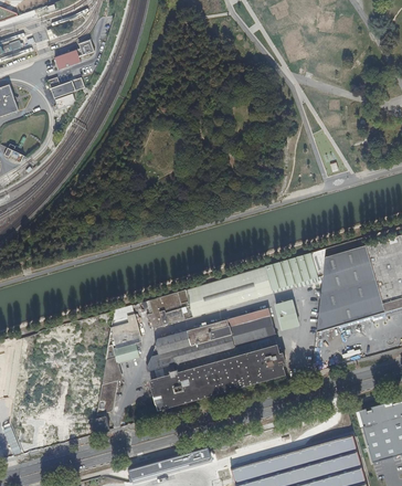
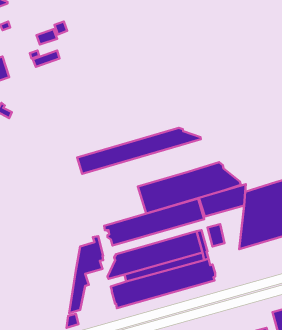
building: none -> [77,128,201,174]
building: none -> [138,162,241,213]

